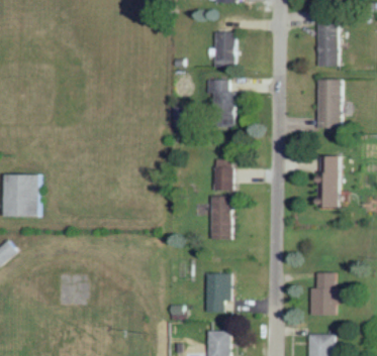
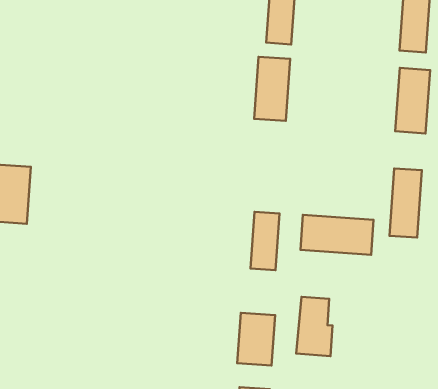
building: [212,158,231,190] -> none
building: none -> [300,215,373,255]
building: [313,272,340,316] -> [296,297,333,356]

